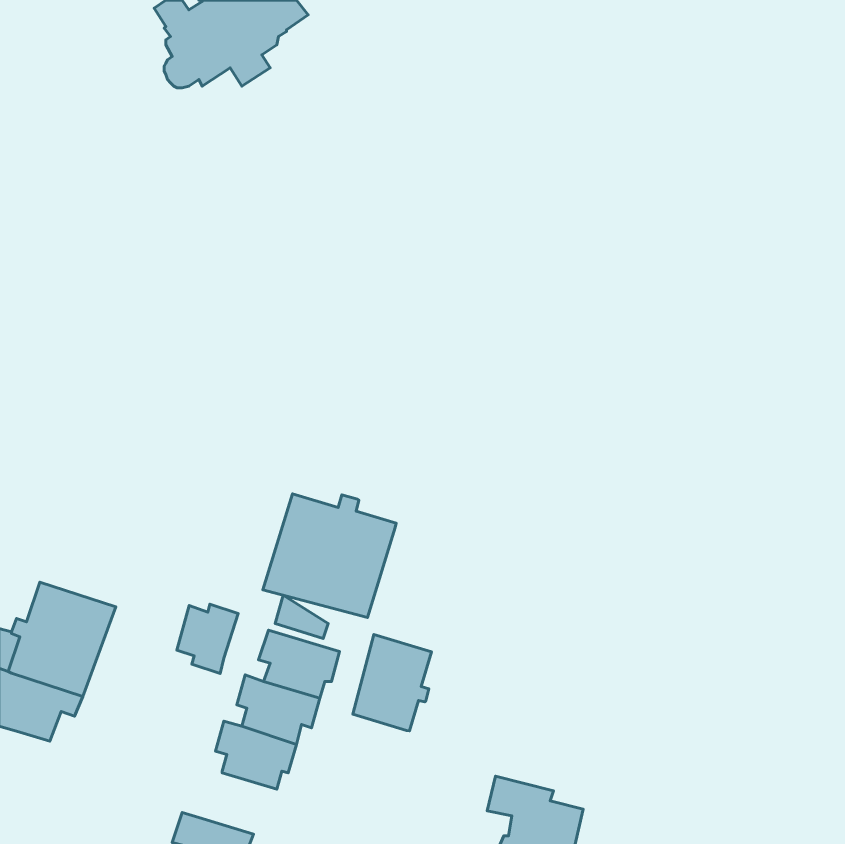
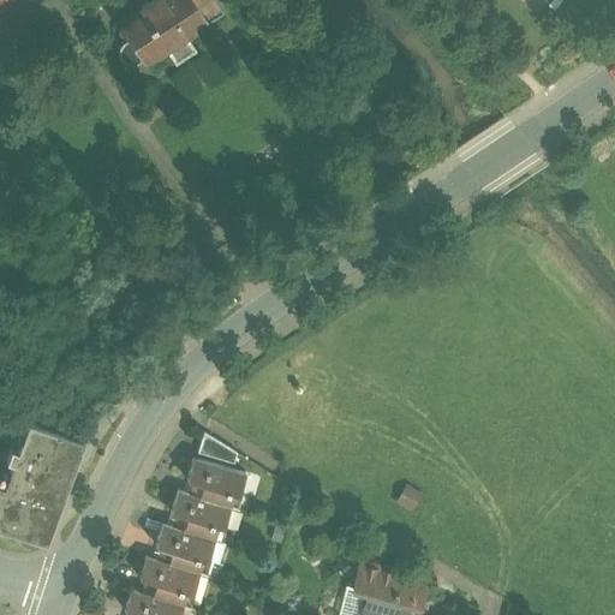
building: [263,494,396,617] -> none
building: [177,604,238,673] -> none
building: [353,634,432,731] -> none
building: none -> [141,557,201,607]

